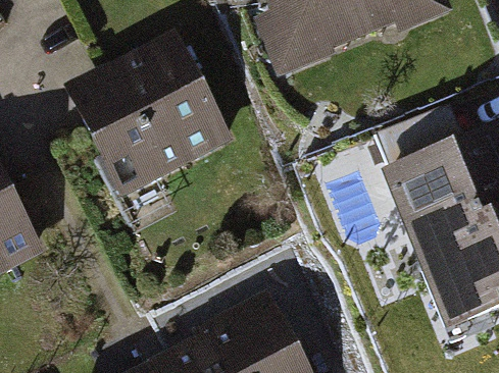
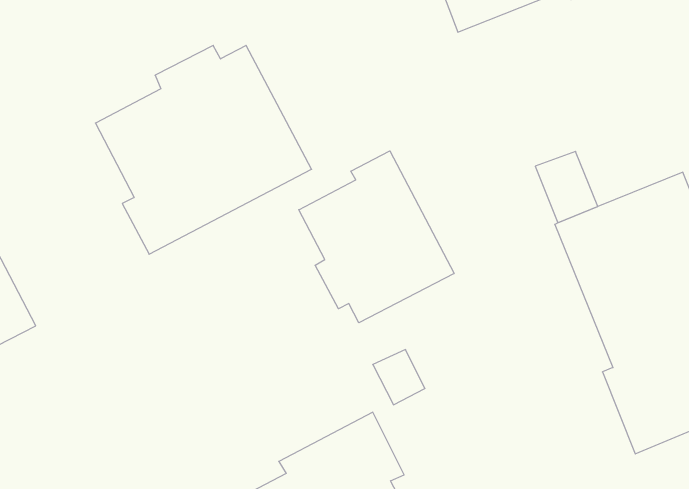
building: none -> [299,151,454,323]

